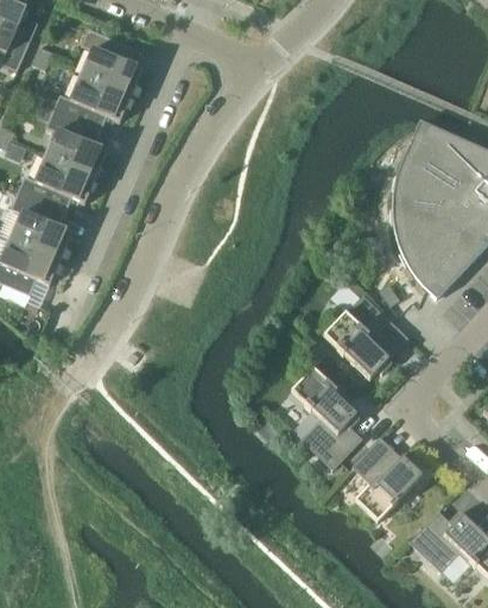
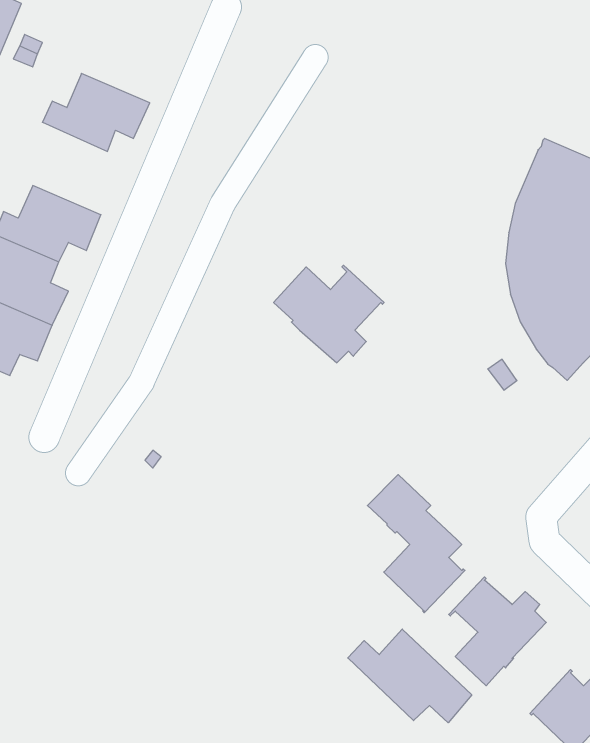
building: [80,27,141,95] -> none
building: [45,109,107,177] -> none
building: [323,306,404,378] -> [274,265,384,363]
building: none -> [348,629,472,723]

